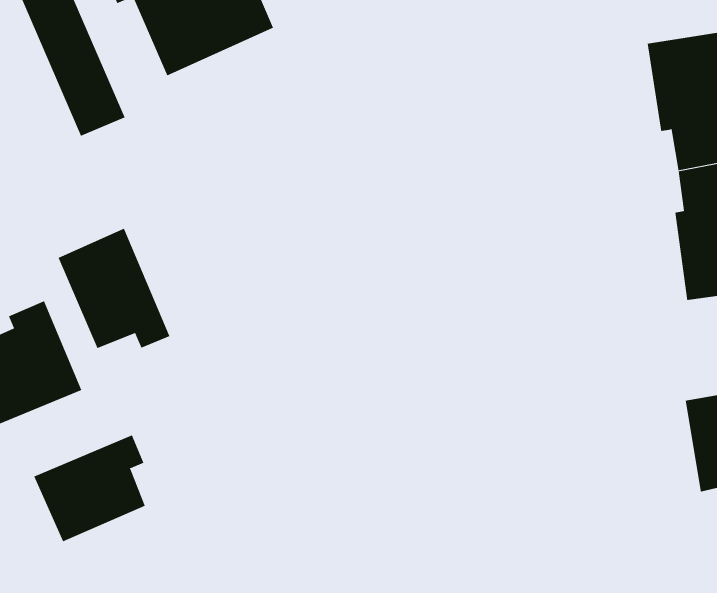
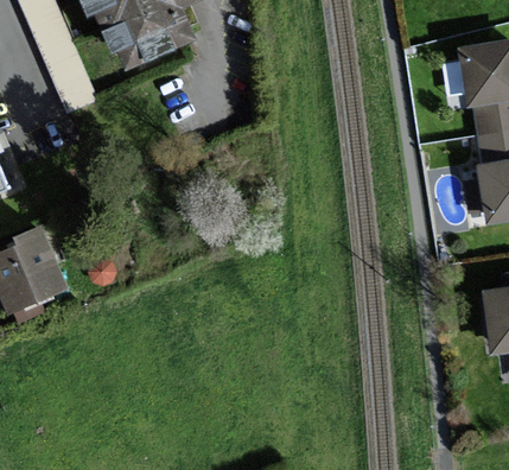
building: [58,228,170,349] -> none
building: [33,434,146,542] -> none

